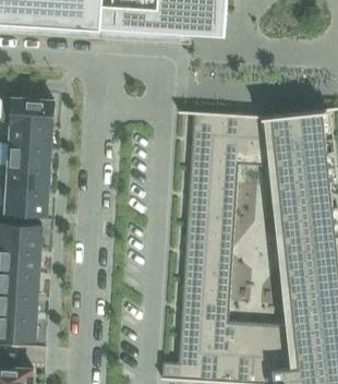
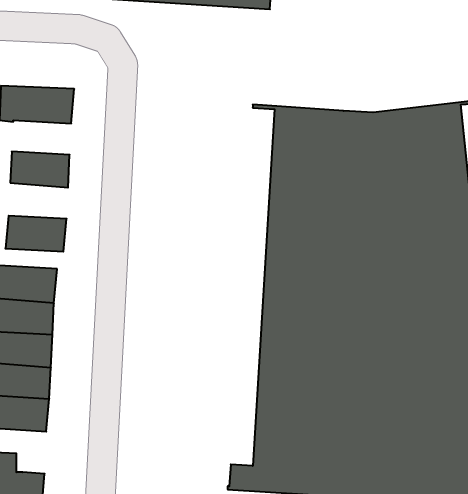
building: [10,122,51,146] -> none
building: [8,166,49,191] -> none

